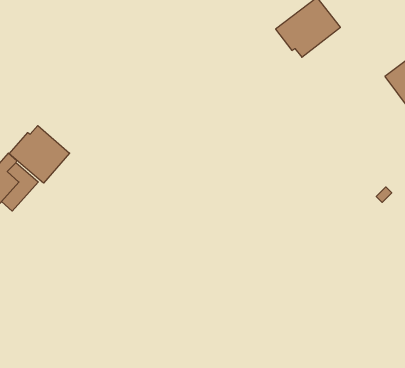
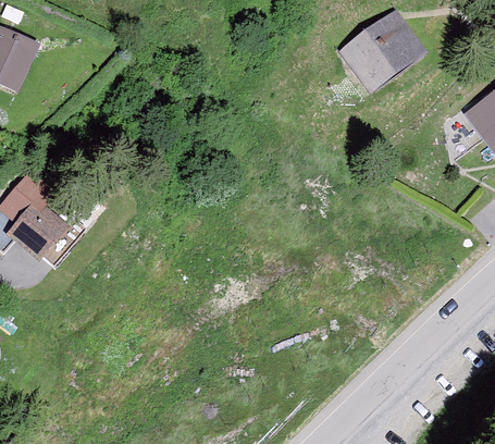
building: [9,126,70,183] -> none

